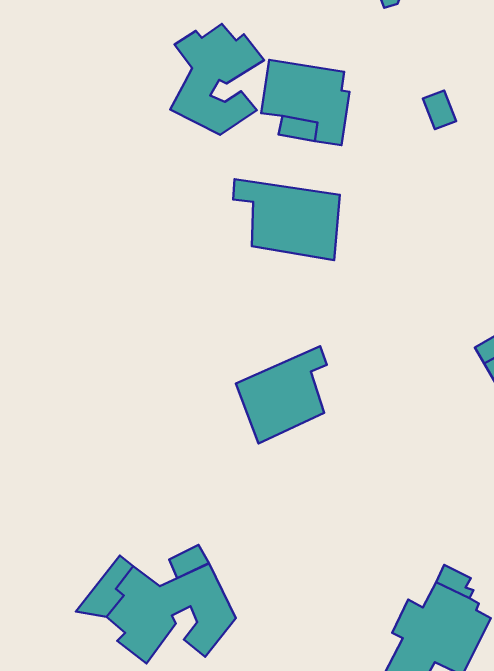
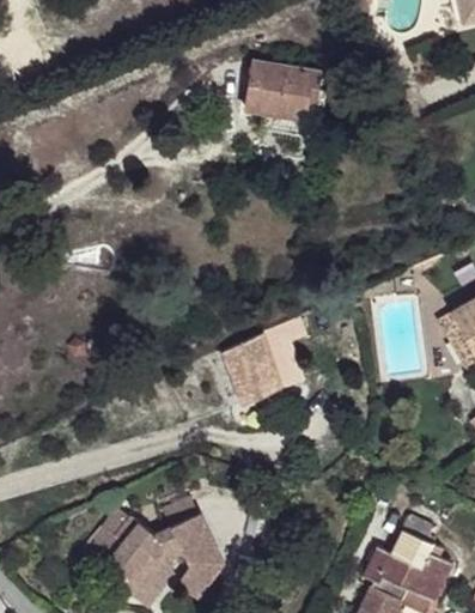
building: [170,24,264,135] -> none
building: [233,179,340,260] -> none

